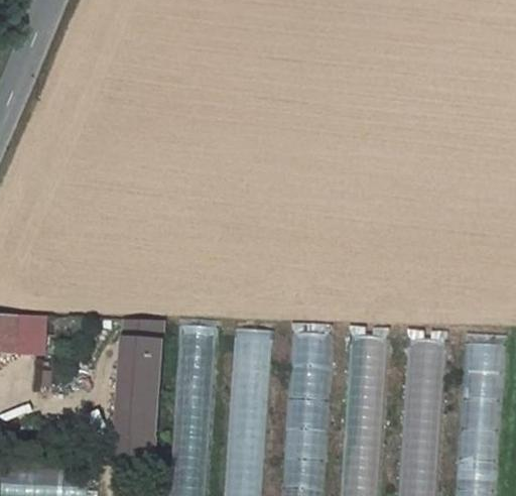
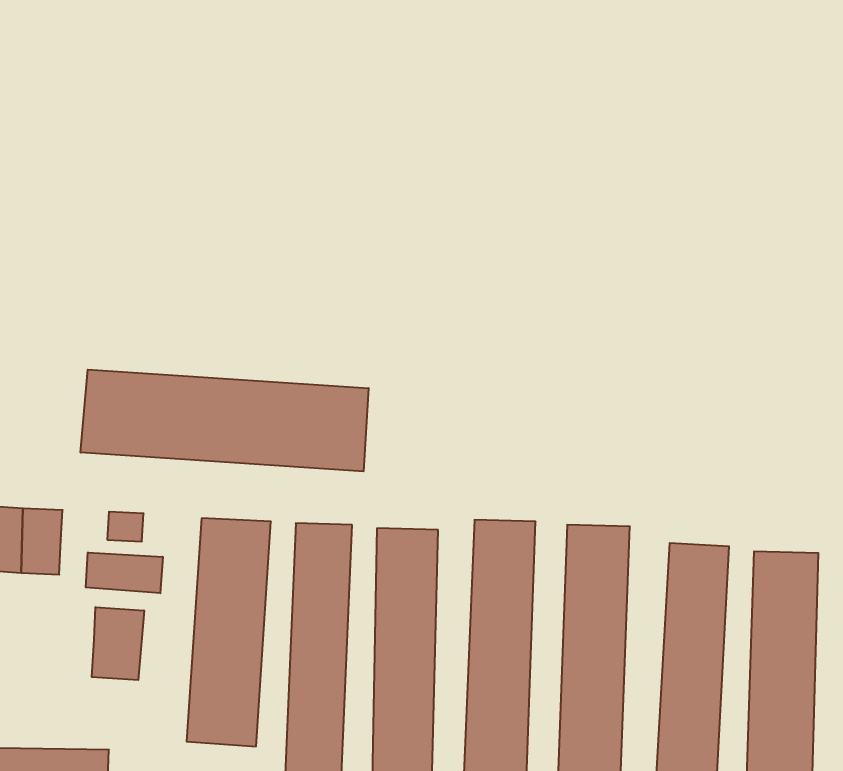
building: none -> [81,370,369,471]
building: none -> [86,552,163,593]
building: none -> [92,607,144,680]

